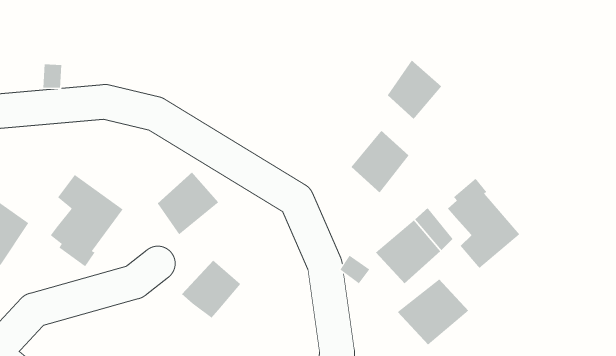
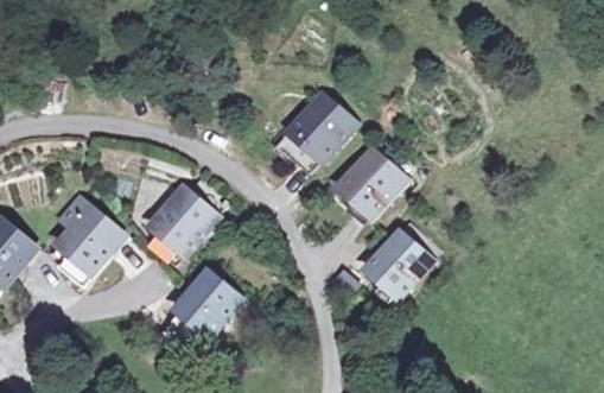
building: [387,60,442,120] -> [293,100,346,158]
building: [447,178,520,269] -> none
building: [397,279,469,346] -> none

